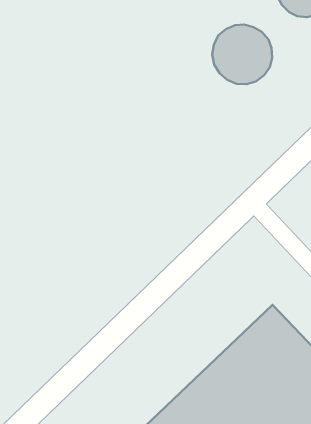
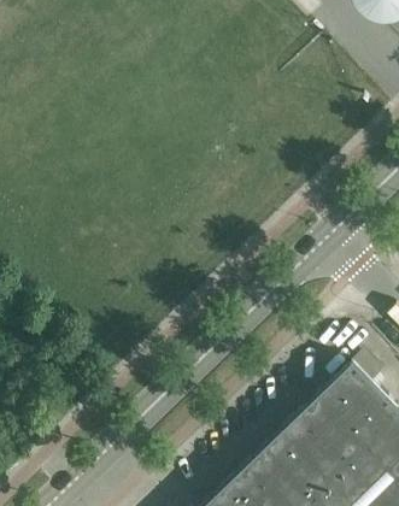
building: [212,25,272,84] -> none

